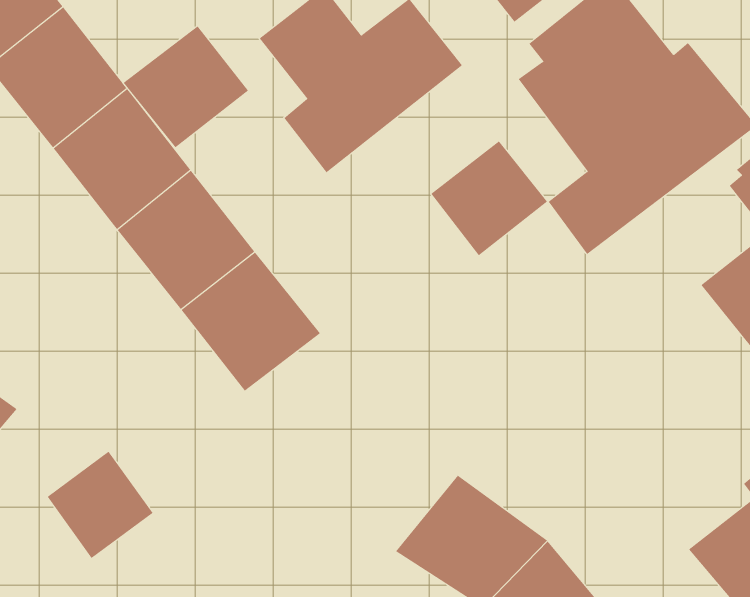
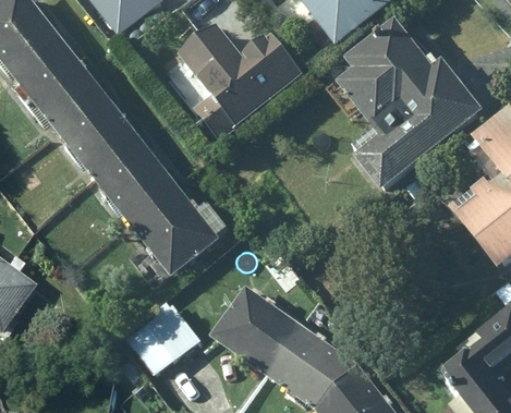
building: [123,25,249,148] -> none
building: [430,140,548,256] -> none
building: none -> [209,283,301,371]
building: [47,451,153,559] -> [134,301,199,367]

